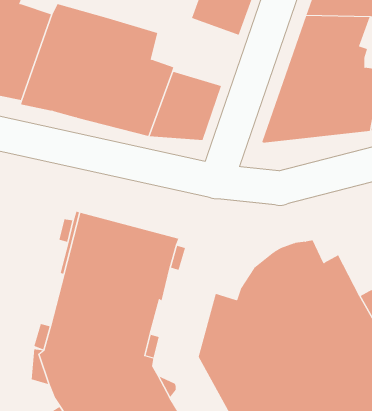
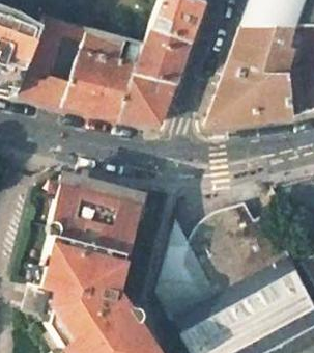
building: none -> [139,28,191,81]

